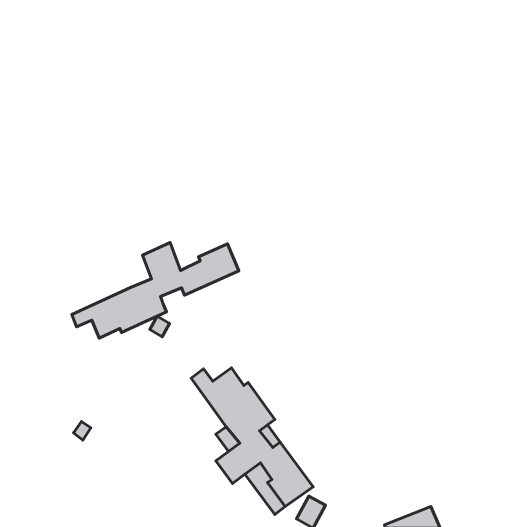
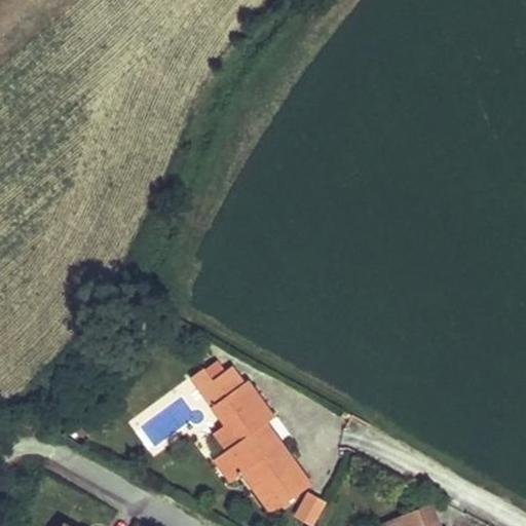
building: [72,243,239,338] -> none

